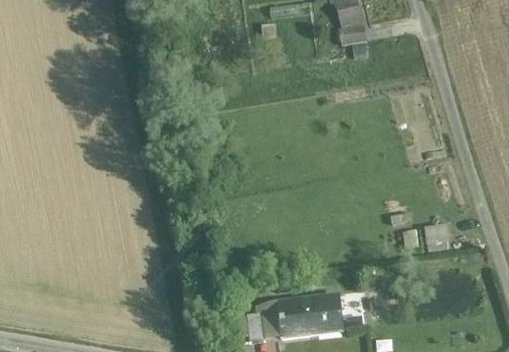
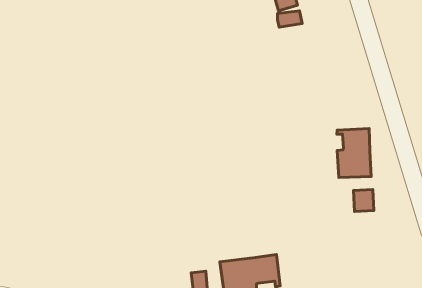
building: none -> [337,129,371,178]

